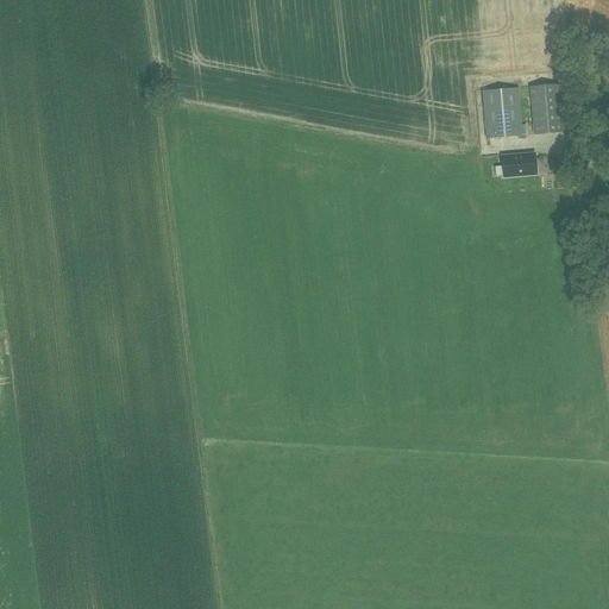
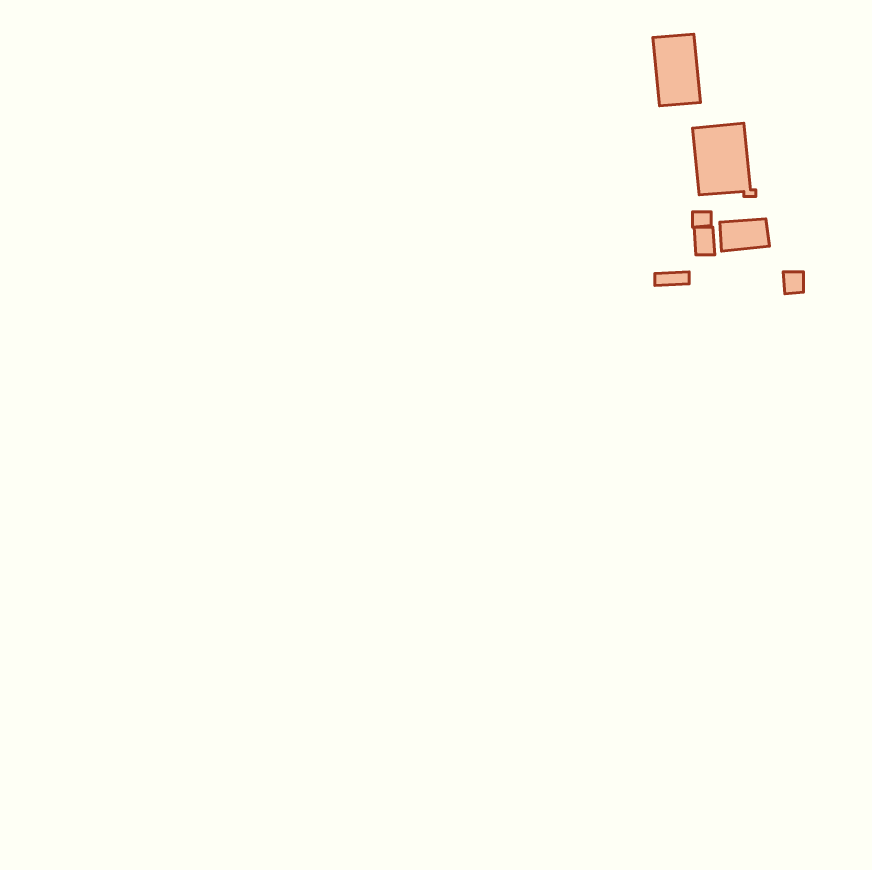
building: [529,82,563,132] -> [653,34,701,106]

